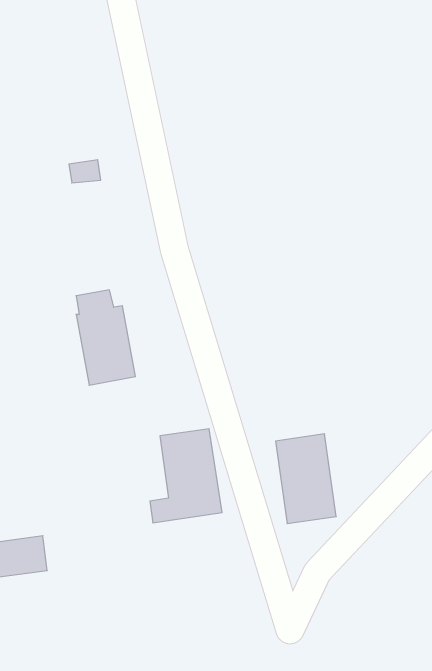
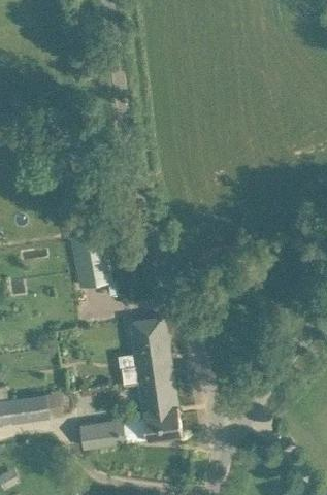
building: [276,434,336,524] -> [139,378,183,442]
building: none -> [79,420,127,451]

